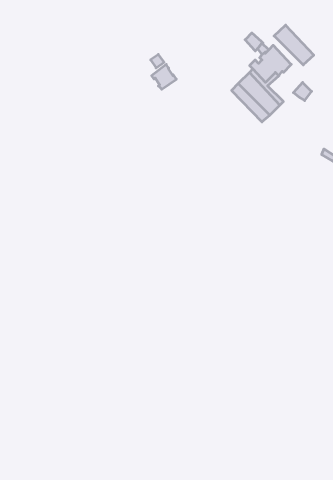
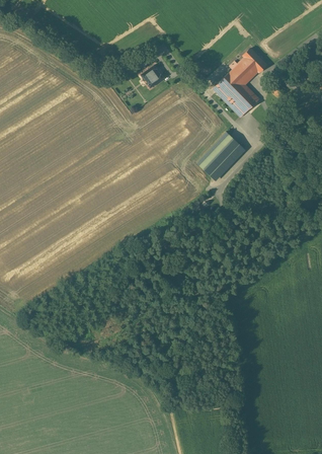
building: [274,25,314,65] -> none
building: none -> [197,133,242,178]

